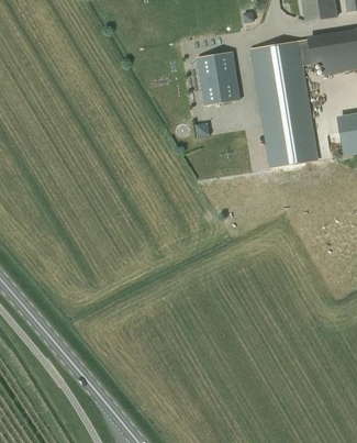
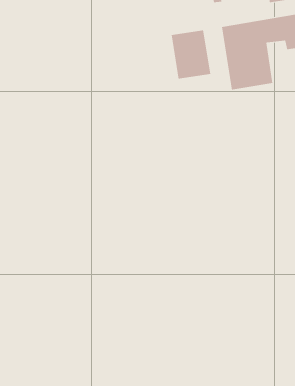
building: [263,109,316,166] -> none

